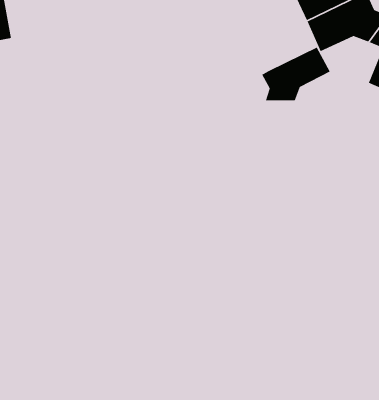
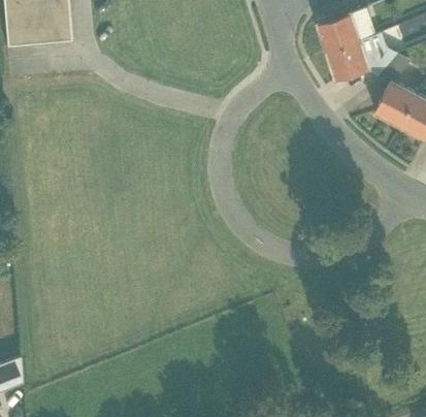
building: [261,46,331,101] -> none

